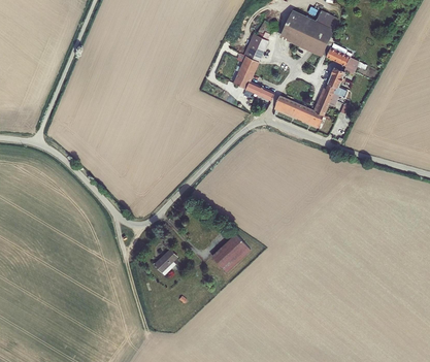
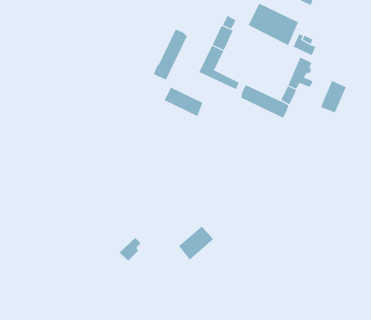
building: none -> [153,29,188,80]
building: none -> [320,80,346,113]
building: none -> [164,87,203,117]

